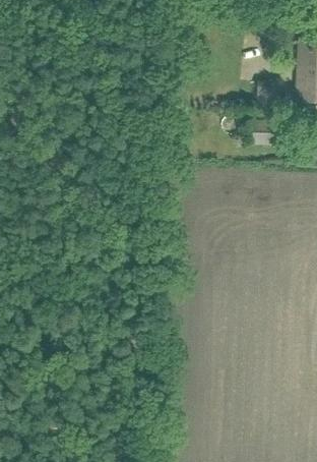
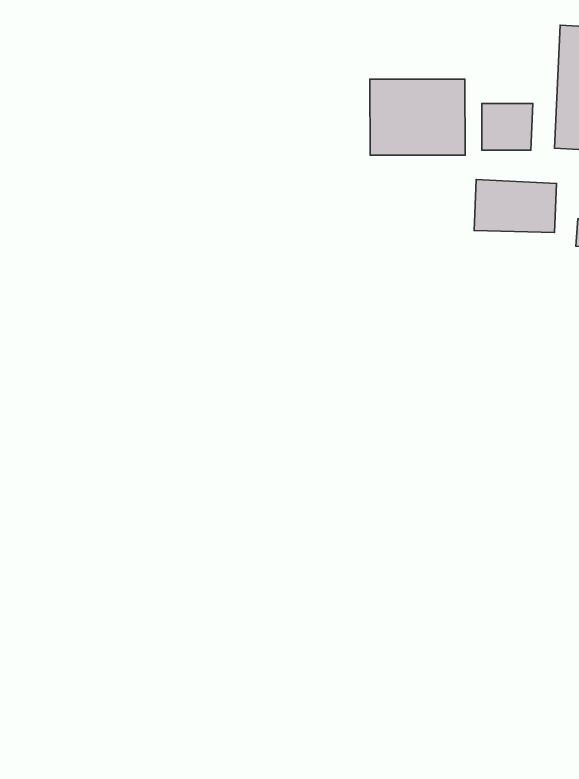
building: none -> [370,79,465,155]

